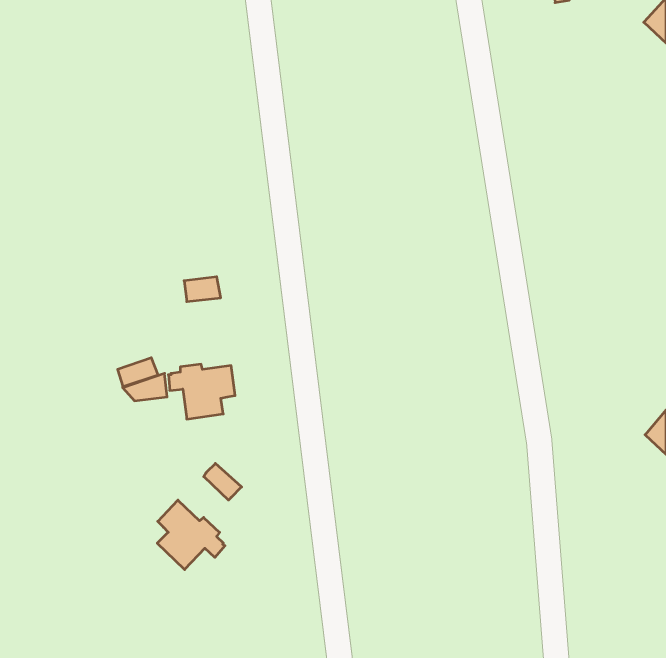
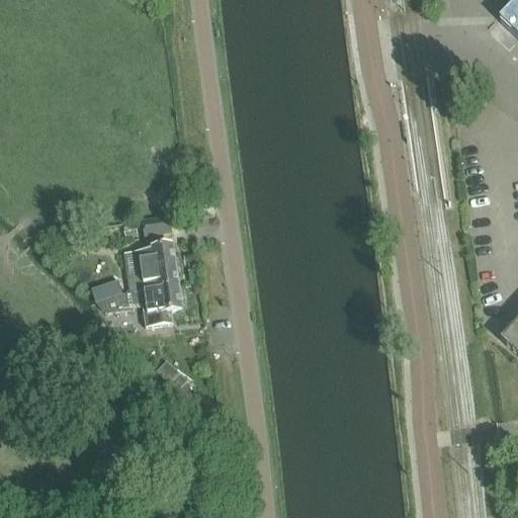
building: none -> [131,242,179,289]
building: [157,500,225,570] -> none

